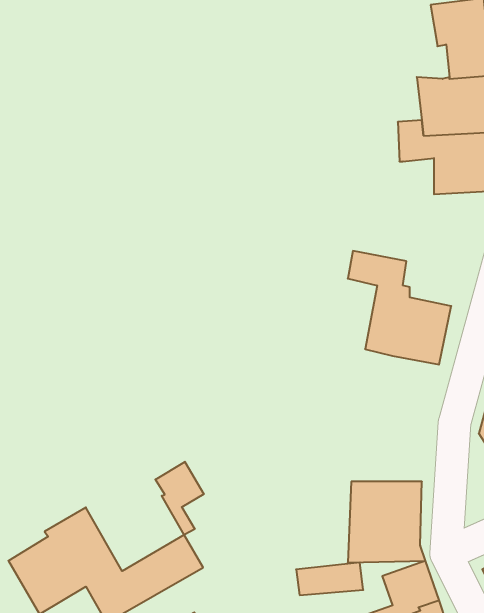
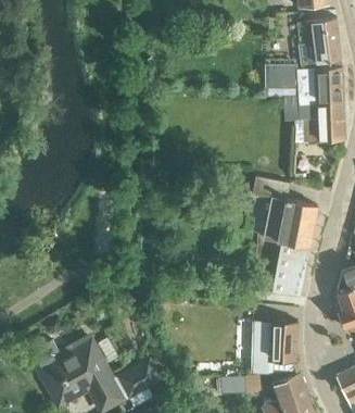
building: none -> [268,65,295,88]
building: none -> [253,243,309,297]
building: [155,462,204,535] -> none

